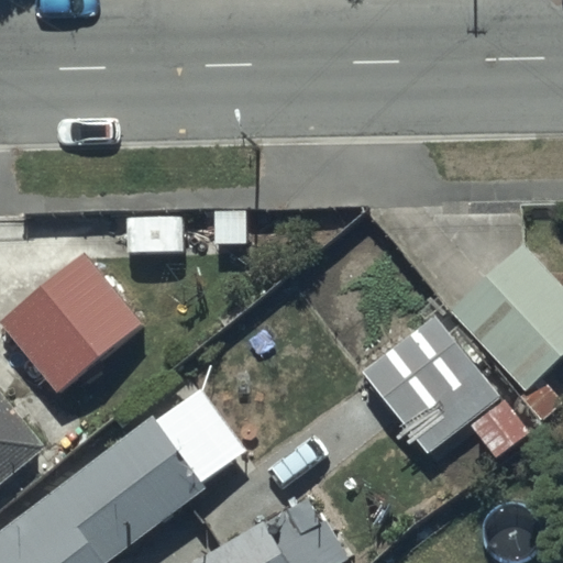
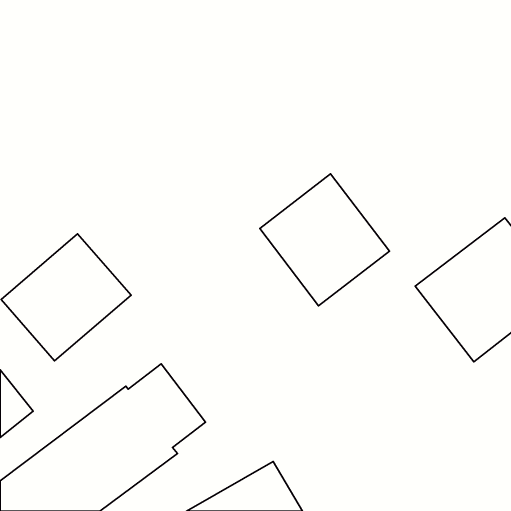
building: none -> [260,174,389,306]
building: [357,317,499,461] -> none

